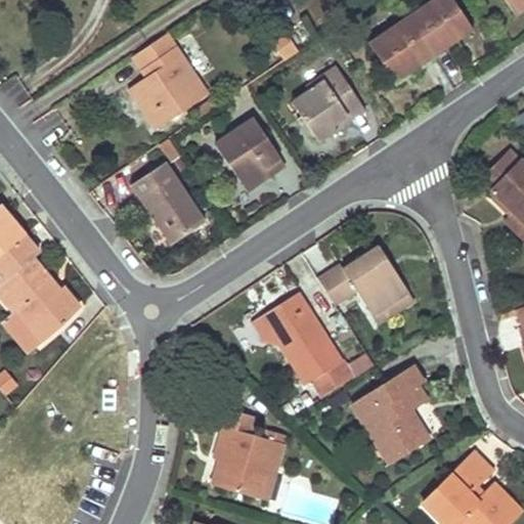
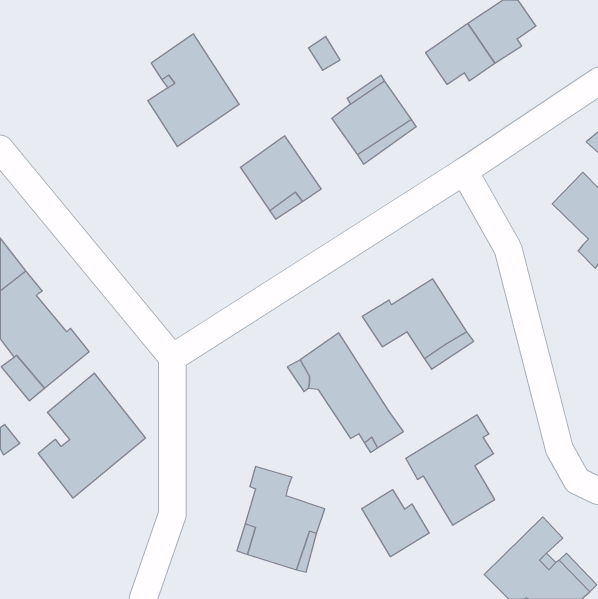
building: [130,164,206,247] -> none
building: none -> [38,373,146,498]
building: none -> [362,490,429,557]

